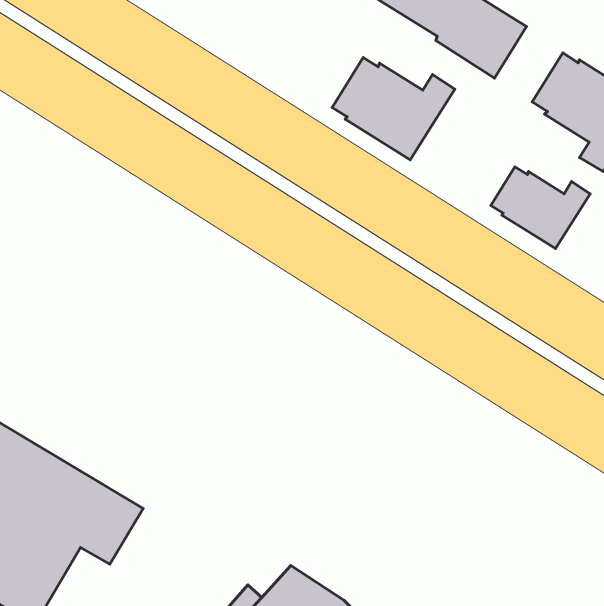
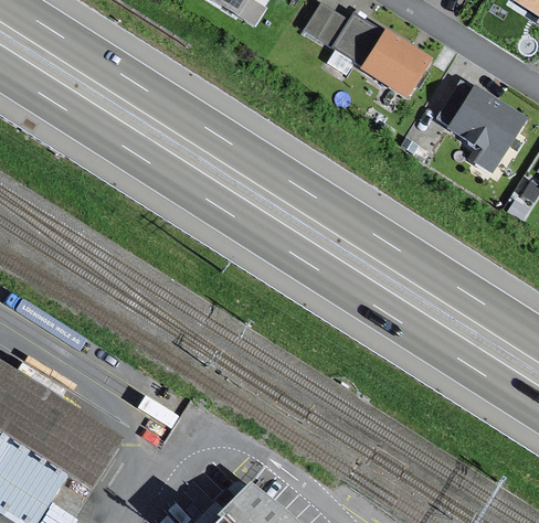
building: [332,58,455,160] -> none
building: [491,167,590,249] -> none

